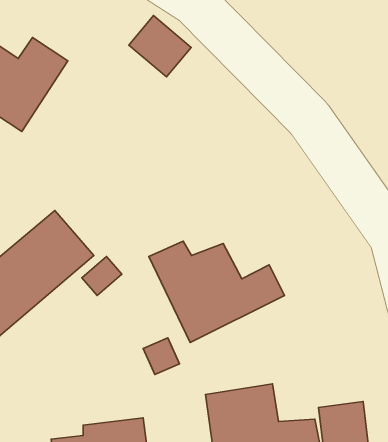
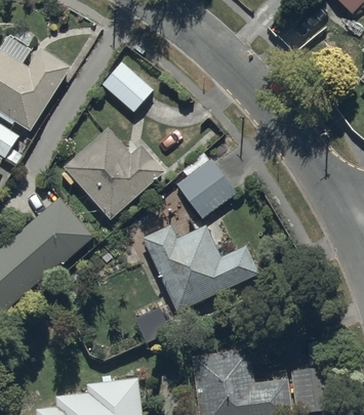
building: [129,16,191,77] -> [97,60,152,114]
building: none -> [62,127,165,221]
building: none -> [177,160,234,216]

